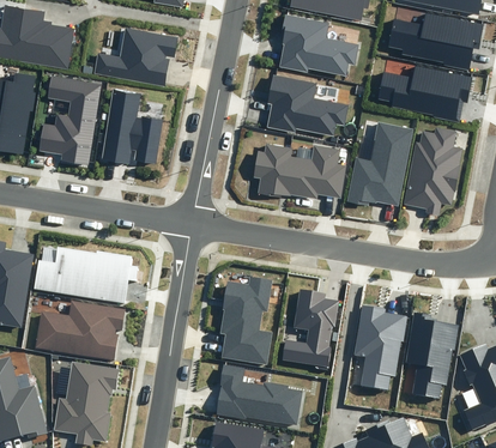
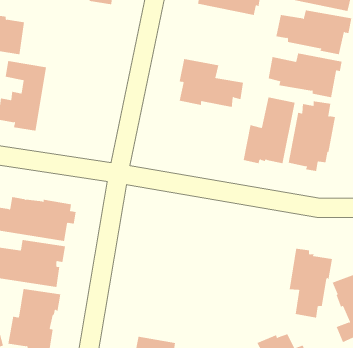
building: [278,14,357,75] -> none
building: [93,28,177,86] -> none
building: [101,89,162,164] -> none
building: [253,144,346,199] -> none
building: [219,277,272,364] -> none
building: [280,289,338,368] -> none
building: [353,305,407,389] -> none
building: [216,364,302,425] -> none

